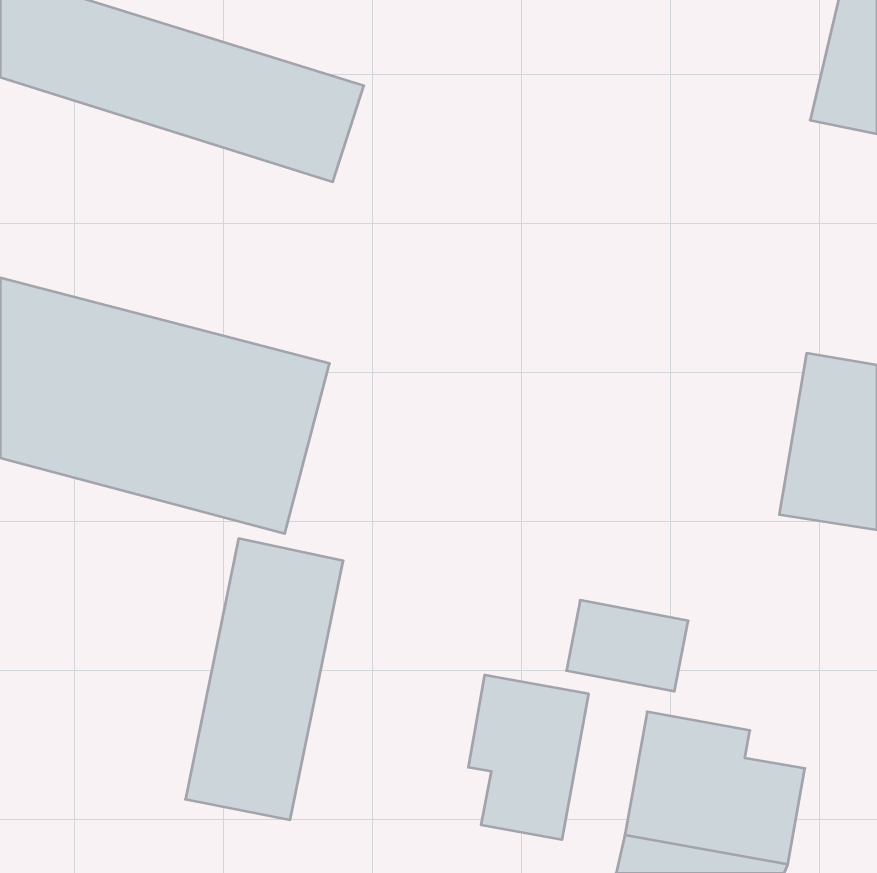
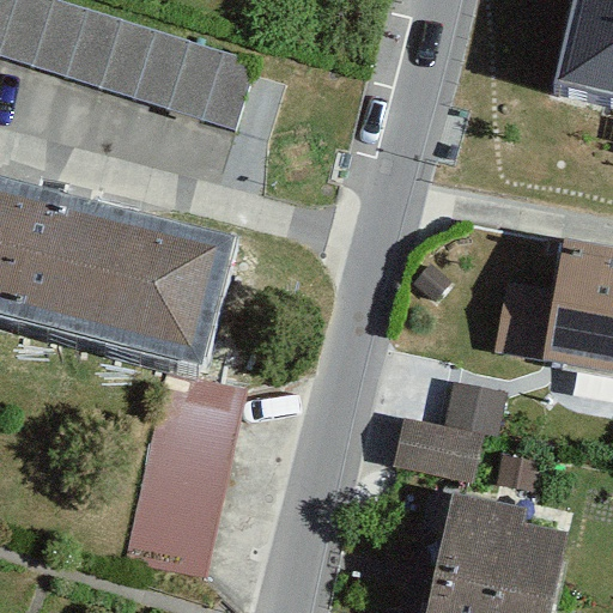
building: [468,675,588,840] -> none

